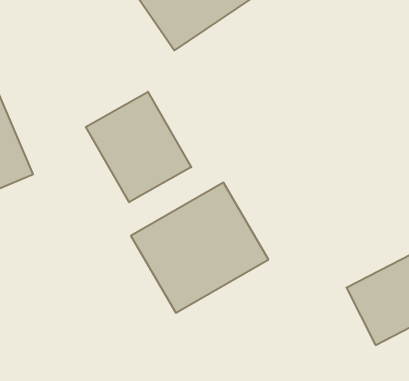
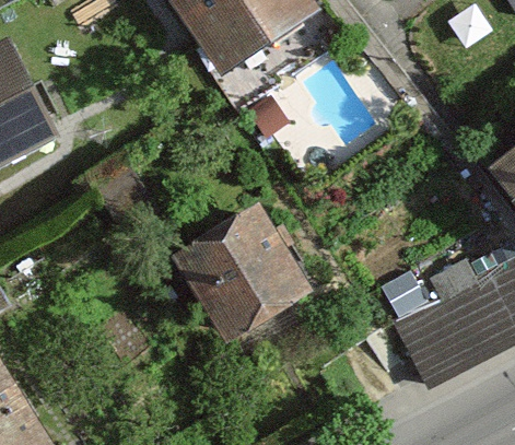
building: [86,92,191,202] -> none

